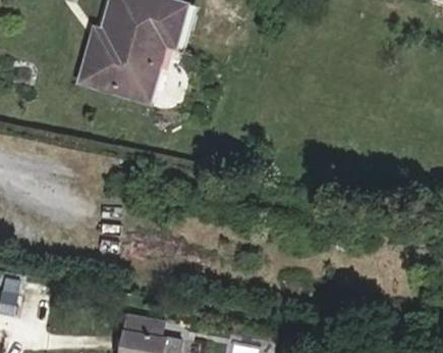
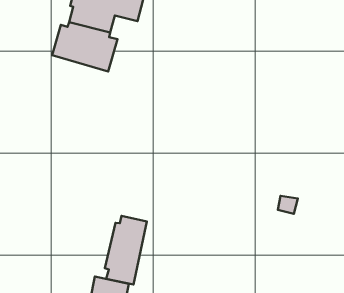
building: none -> [105,216,147,285]

